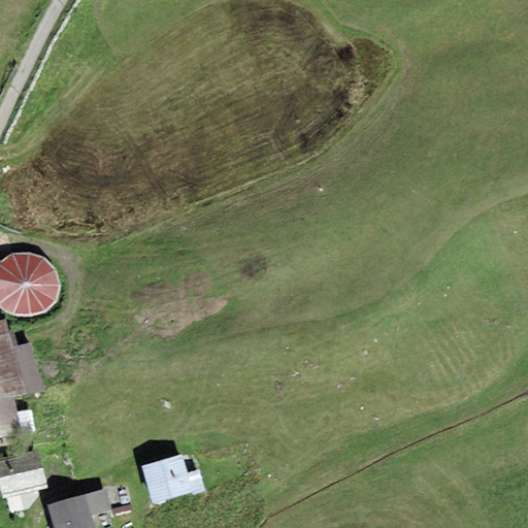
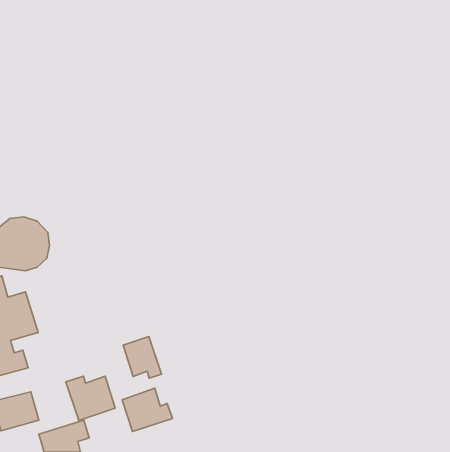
building: none -> [123,337,162,378]
building: none -> [66,376,115,420]

